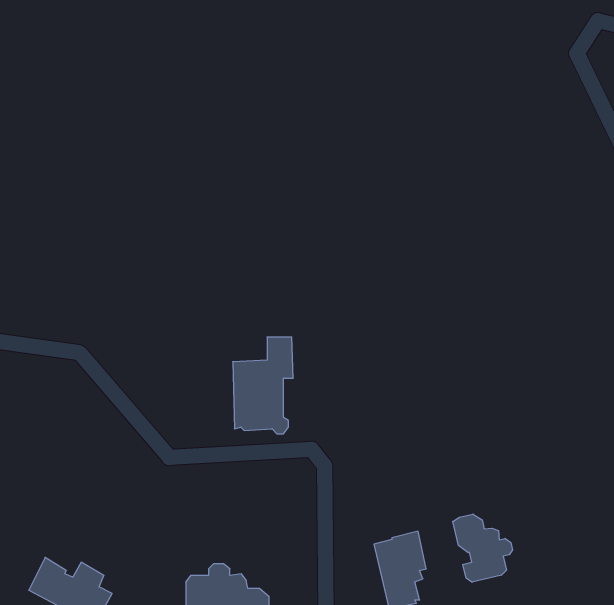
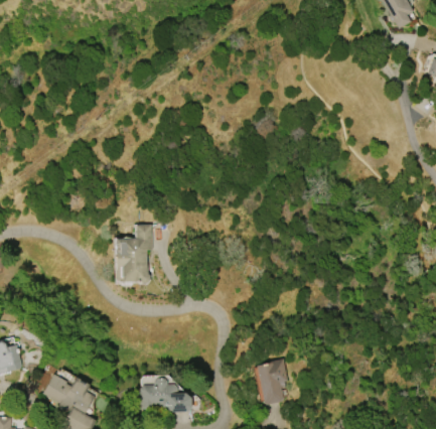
building: [233,337,293,434] -> [115,225,152,284]
building: [453,514,513,582] -> none

